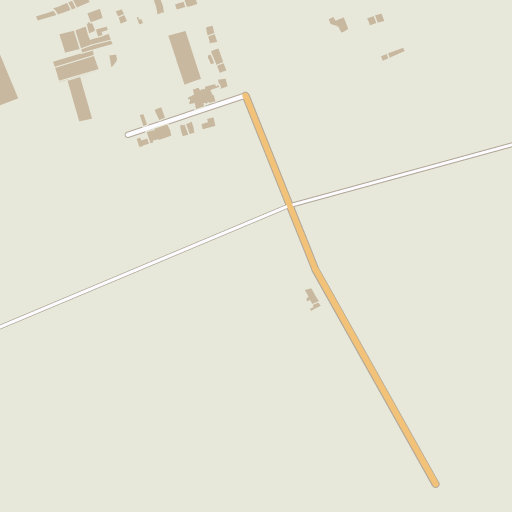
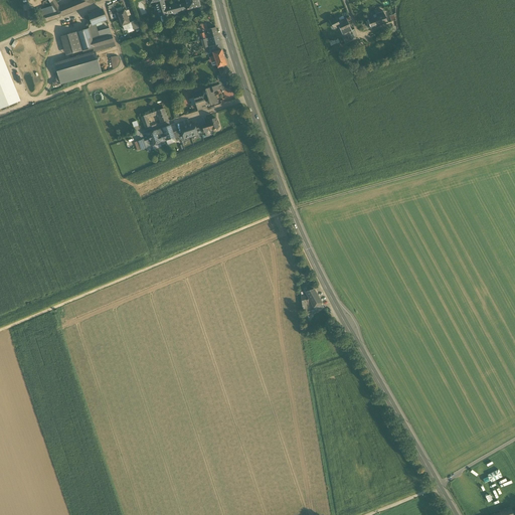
building: [168,30,202,85] -> none
building: [67,76,93,122] -> none

